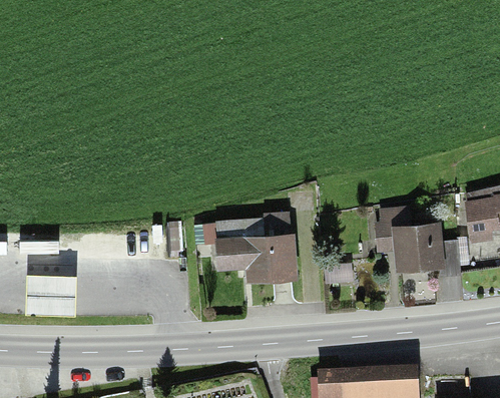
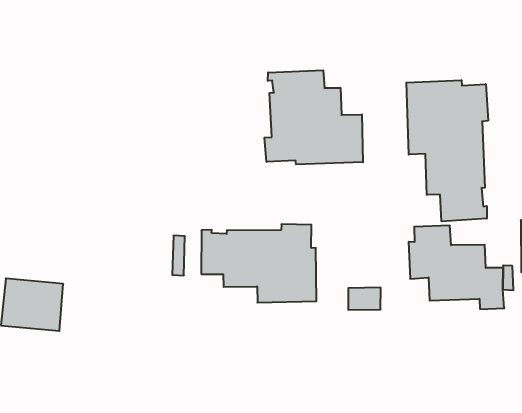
building: none -> [264,70,363,164]
building: none -> [406,80,488,221]

